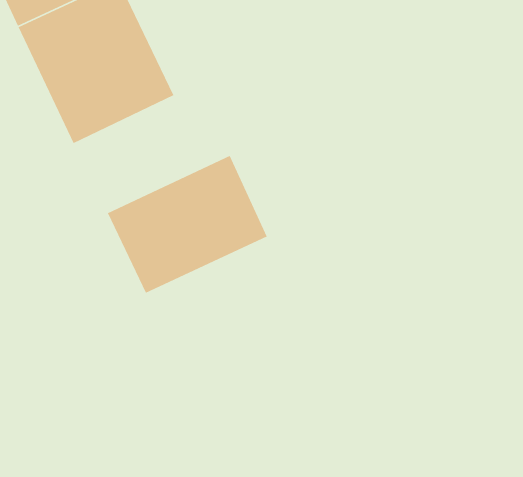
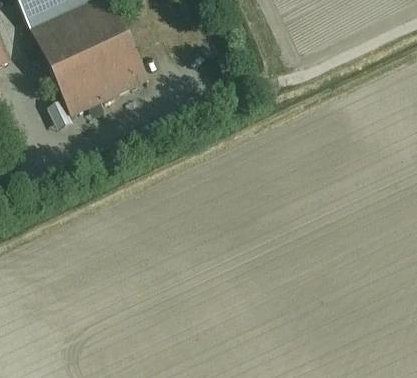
building: [107,155,268,294] -> none

